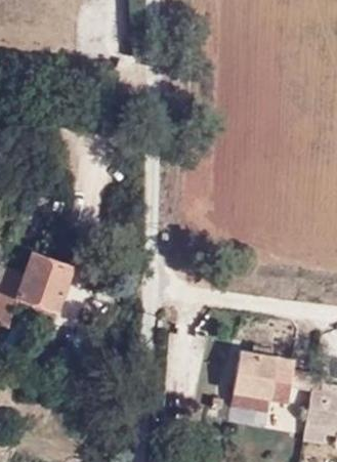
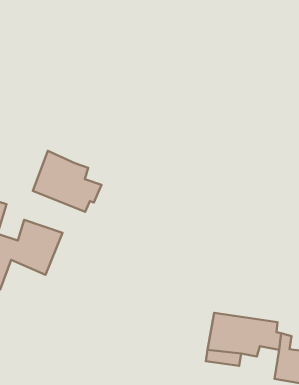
building: none -> [33,151,102,212]

